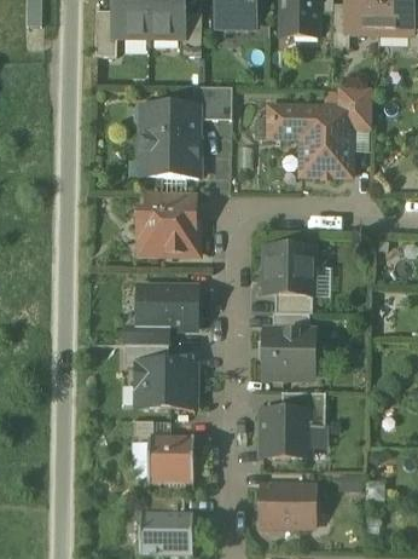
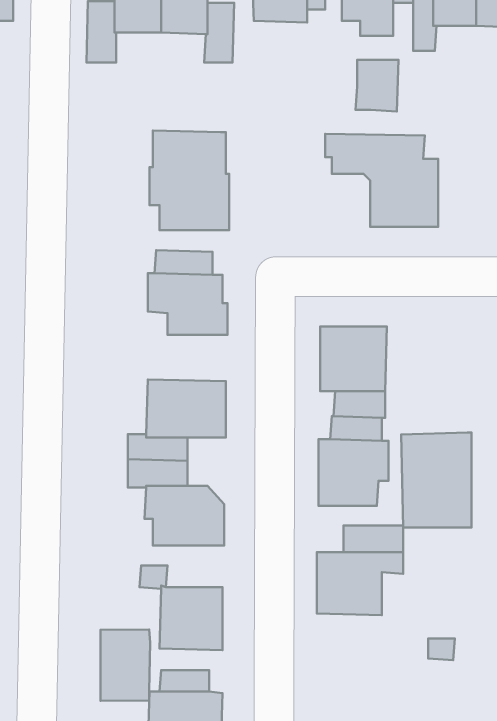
building: [192,86,232,119] -> none
building: [339,88,371,126] -> [356,60,399,111]
building: none -> [401,433,471,528]
building: none -> [100,630,150,701]
building: [261,485,314,526] -> none

